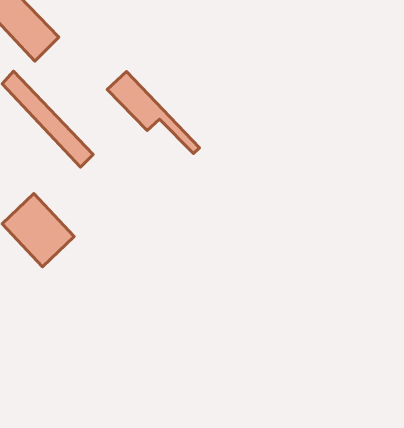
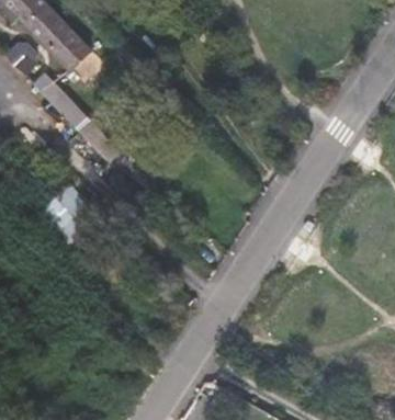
building: [107,72,199,154] -> none

